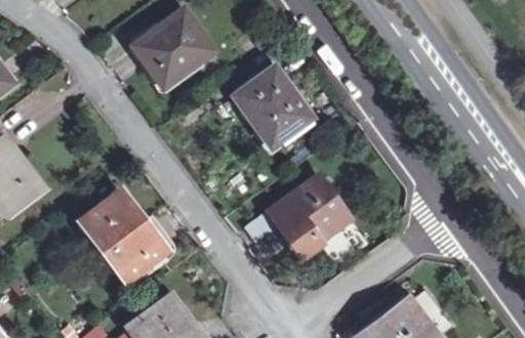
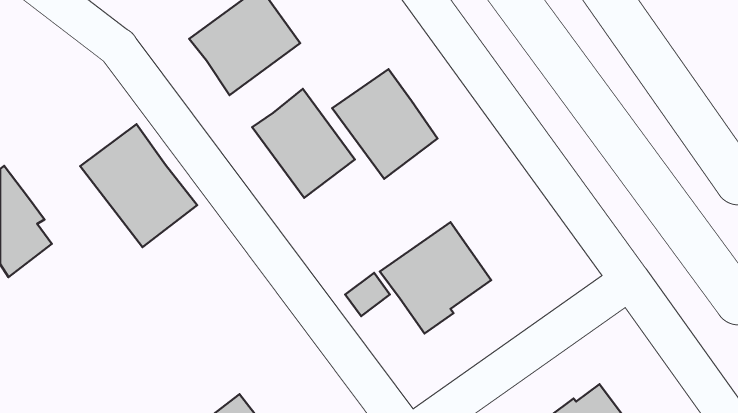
building: none -> [252,89,355,198]
building: [82,192,165,279] -> [80,124,197,247]

